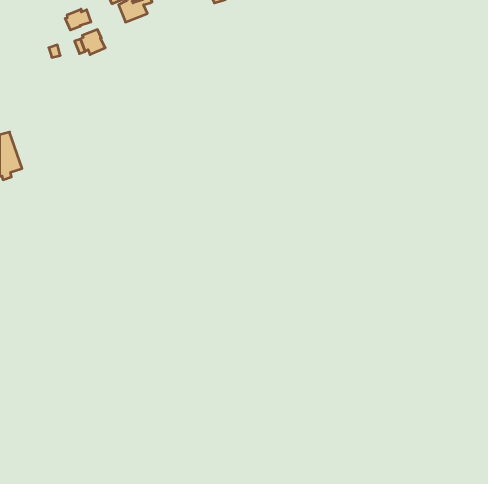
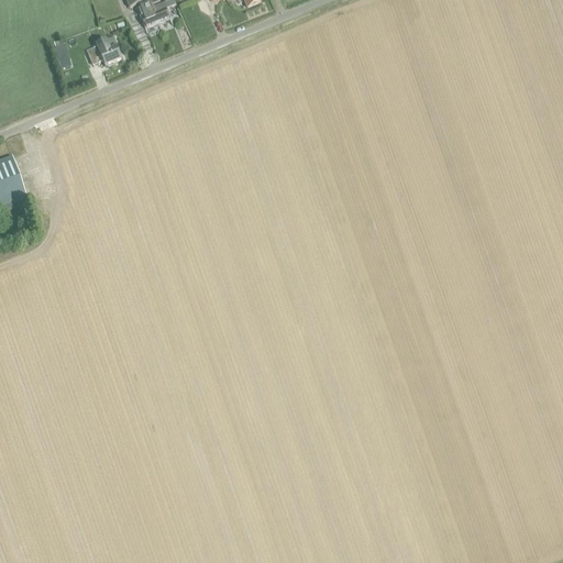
building: [65,9,91,30] -> none

